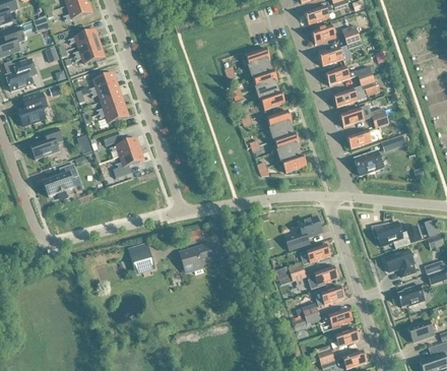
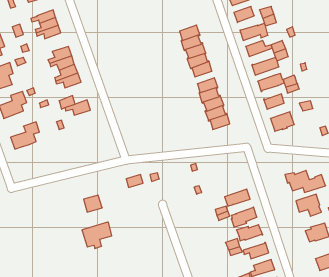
building: [113,149,143,178] -> none
building: [284,218,322,250] -> none
building: [180,243,215,274] -> [82,222,112,249]

